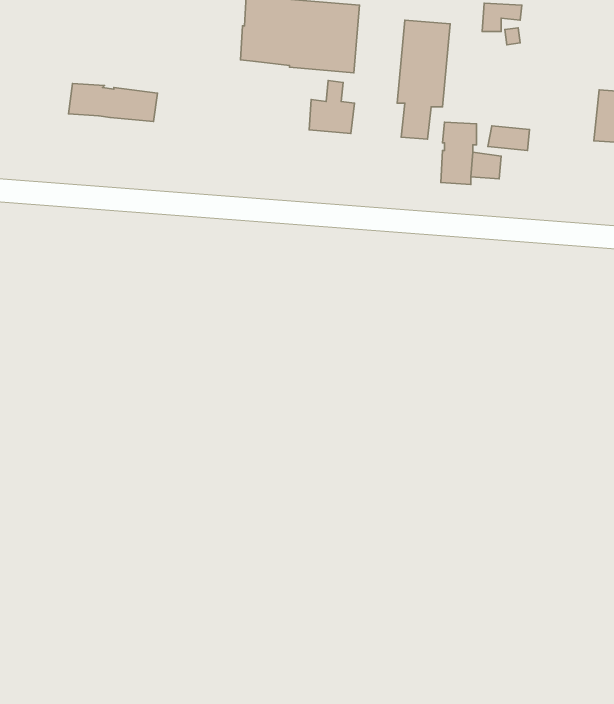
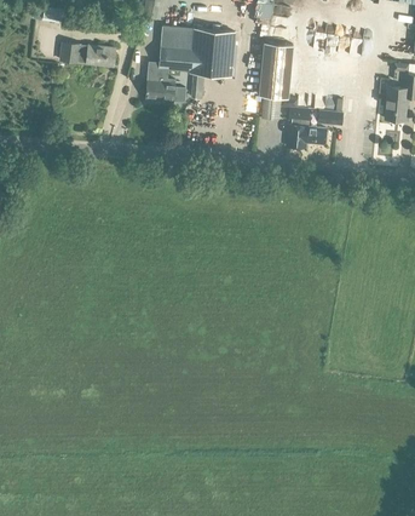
building: [309,81,354,133] -> [145,67,174,101]
building: [69,84,157,121] -> [58,41,115,65]

